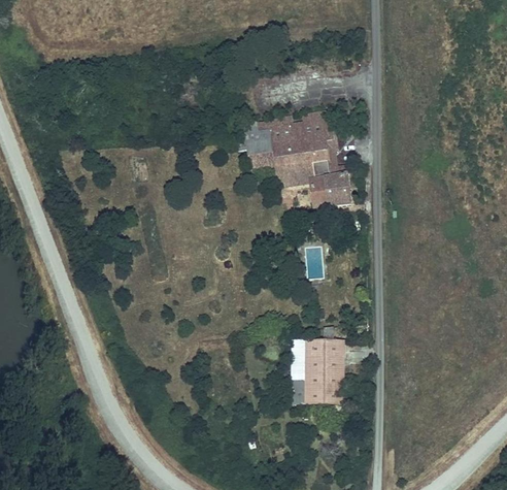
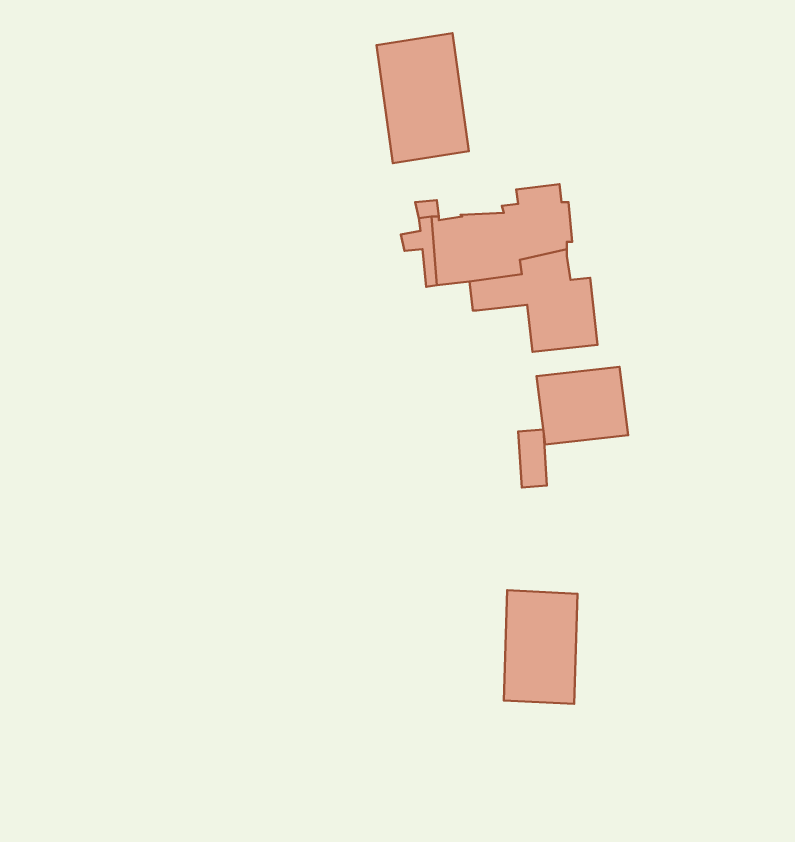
building: none -> [377,33,469,163]
building: none -> [537,367,628,444]

